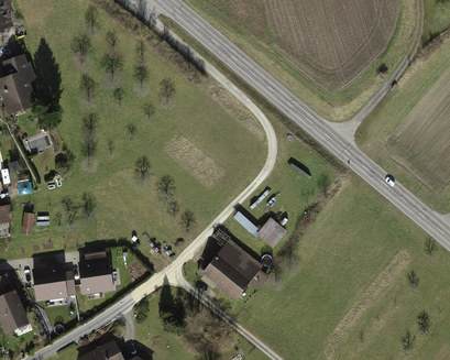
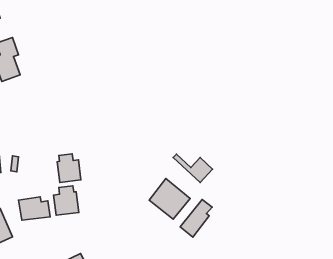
building: none -> [57,154,81,182]
building: none -> [180,199,212,237]

